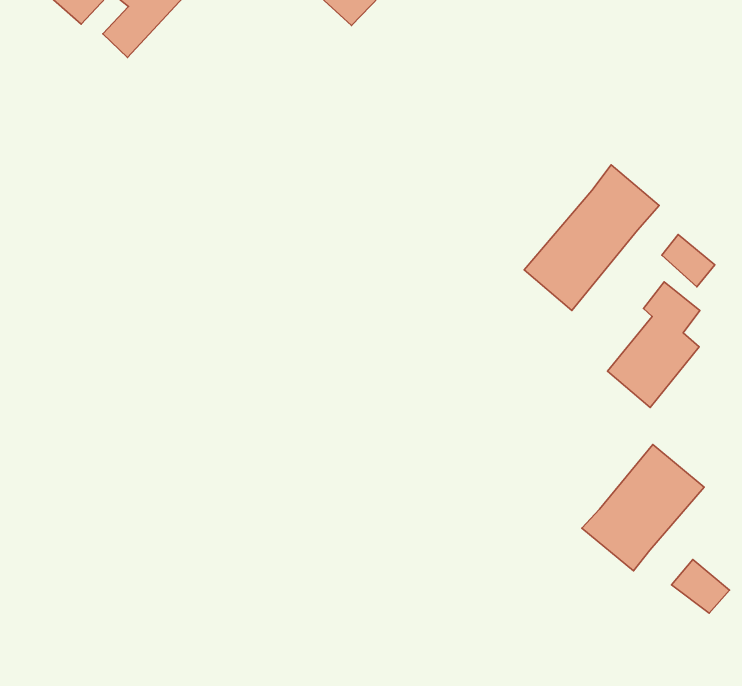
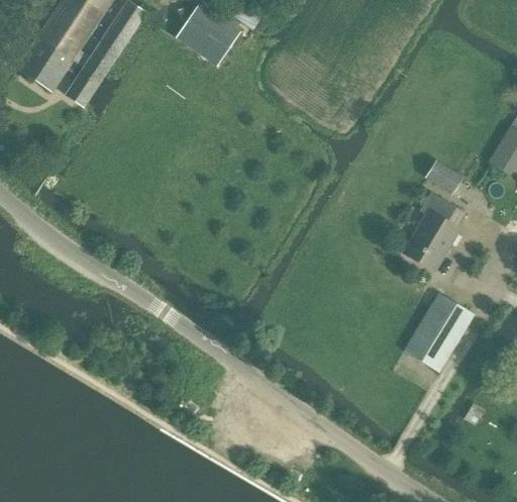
building: [524,165,659,311] -> none
building: [671,559,729,613] -> none

